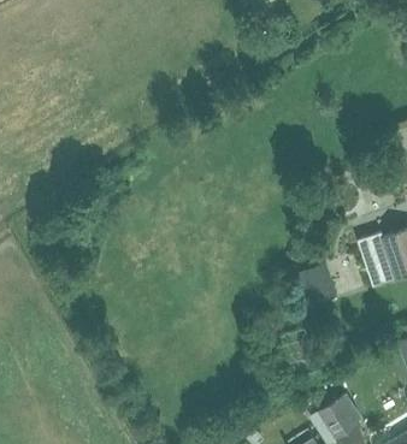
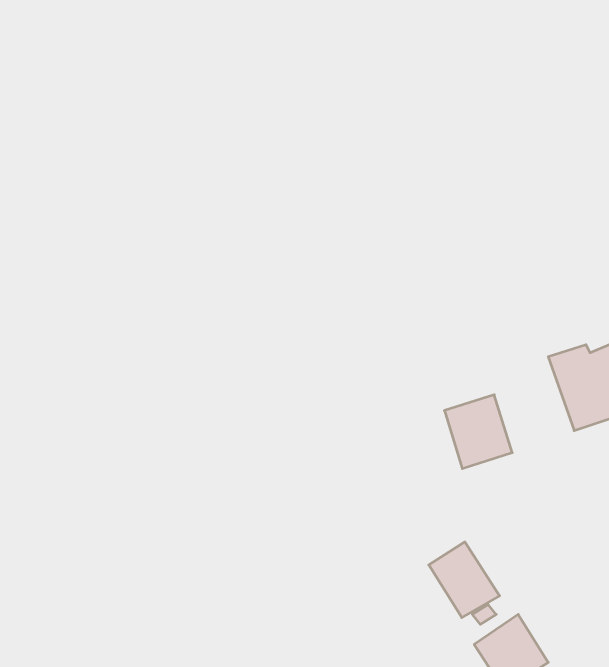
building: none -> [429,542,500,618]

